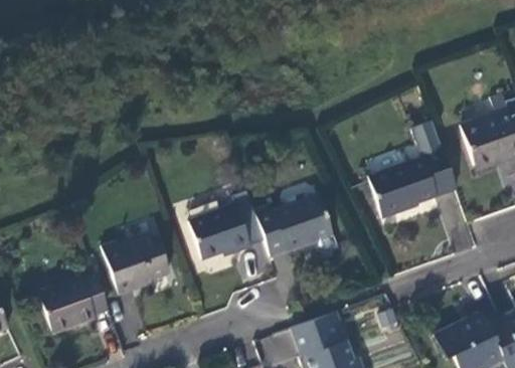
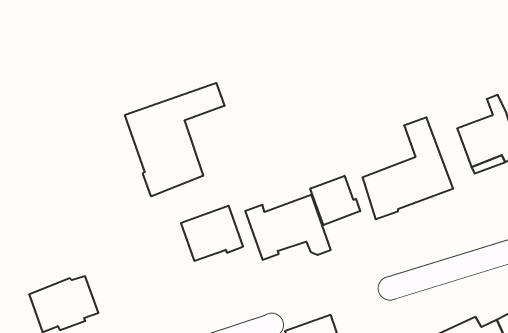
building: none -> [125,83,225,196]
building: none -> [310,176,360,225]
building: [102,232,168,296] -> none

